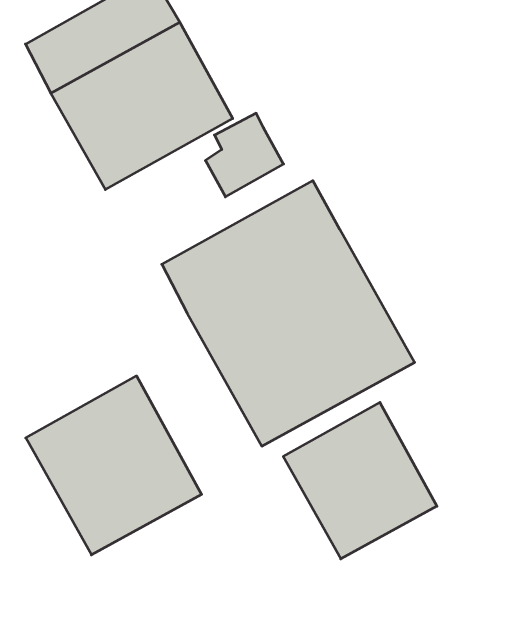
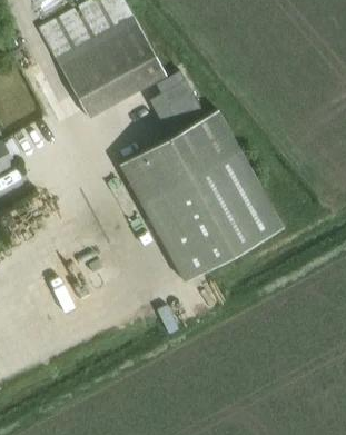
building: [26,376,202,555] -> none
building: [283,402,437,559] -> none

